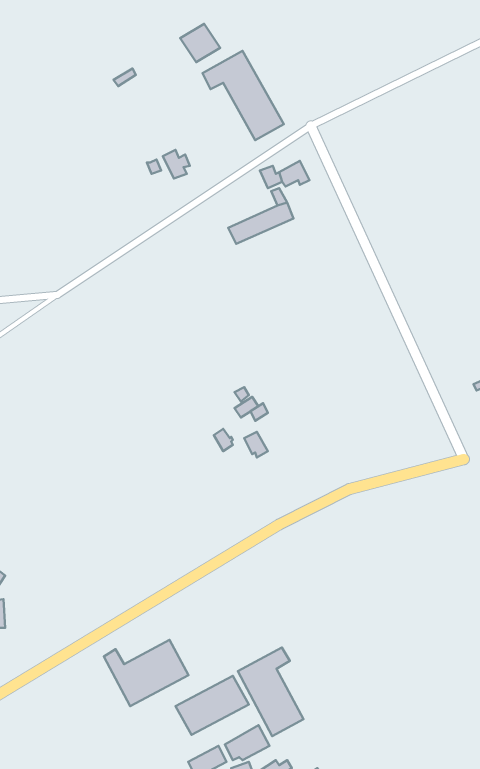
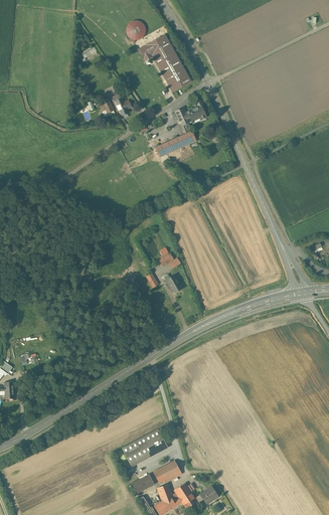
building: [104,640,188,706] -> none
building: [238,648,304,736] -> none

